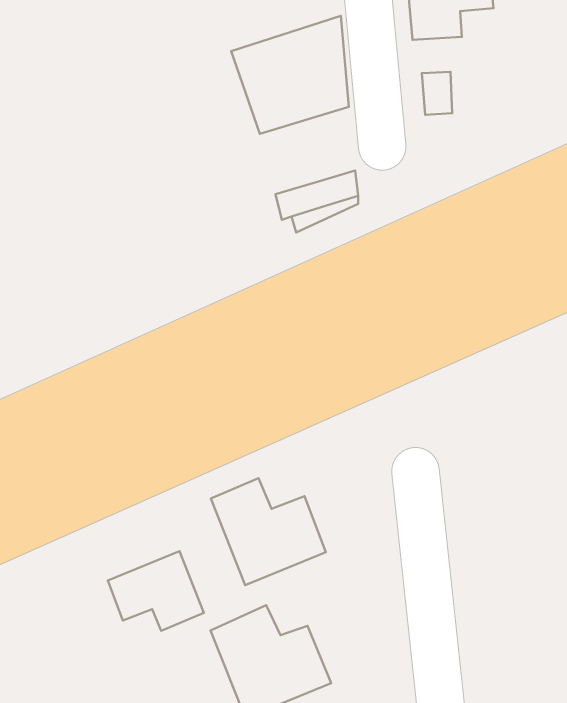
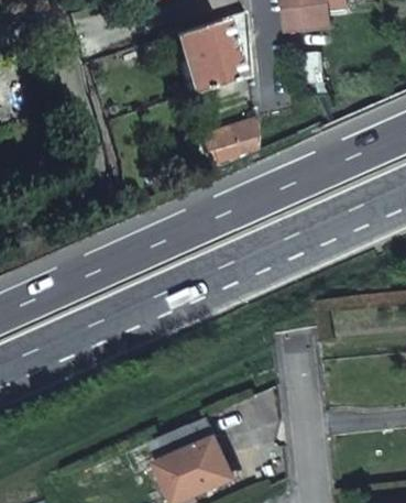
building: [211,478,326,585] -> none
building: [108,551,204,631] -> none

